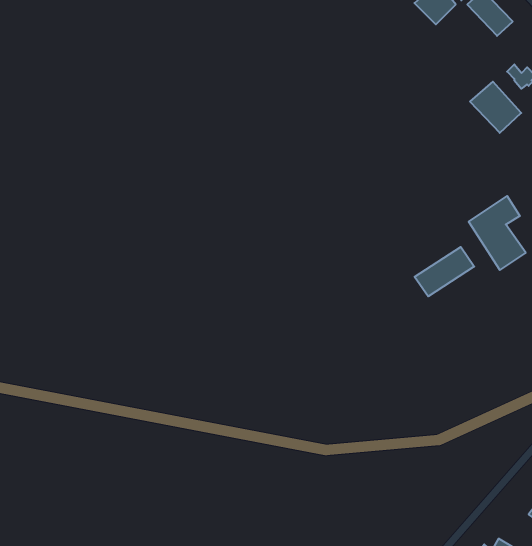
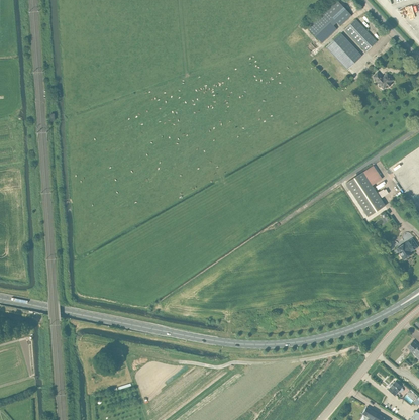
building: [470,82,521,133] -> [325,33,361,70]
building: [415,247,474,296] -> none

